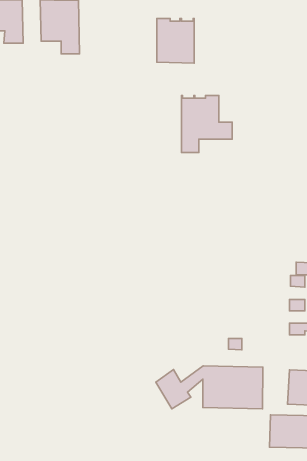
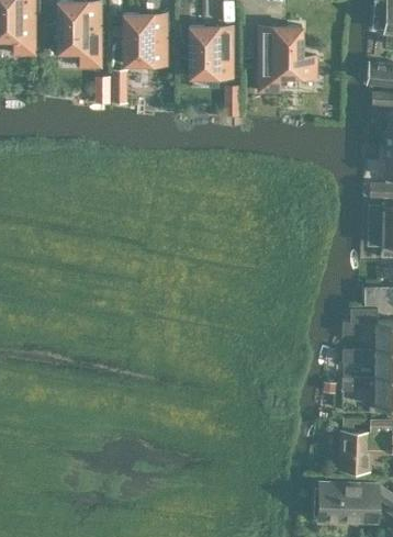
building: none -> [123,13,166,64]
building: [182,95,232,153] -> [258,25,316,91]
building: [156,366,263,409] -> none

